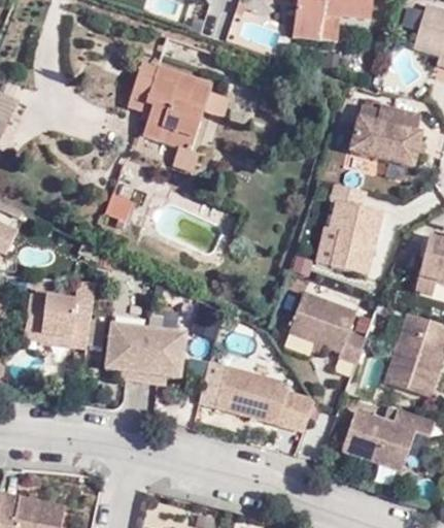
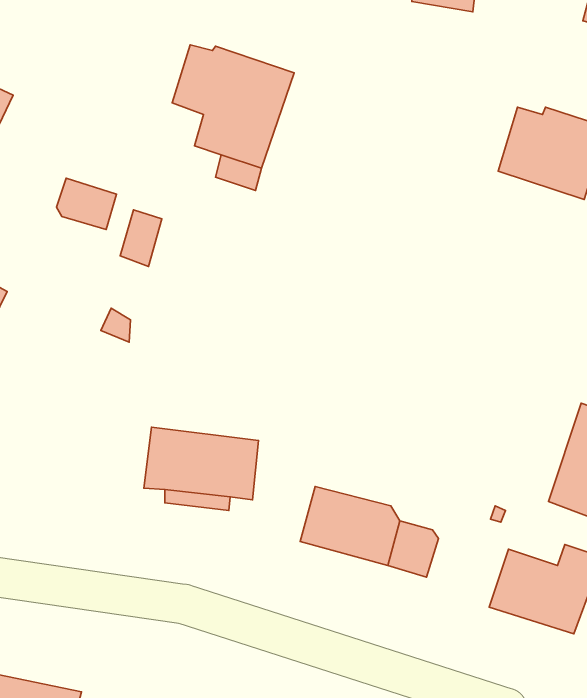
building: none -> [57,178,117,229]
building: [330,182,382,270] -> none
building: [289,290,366,362] -> none
building: [27,299,90,350] -> none

